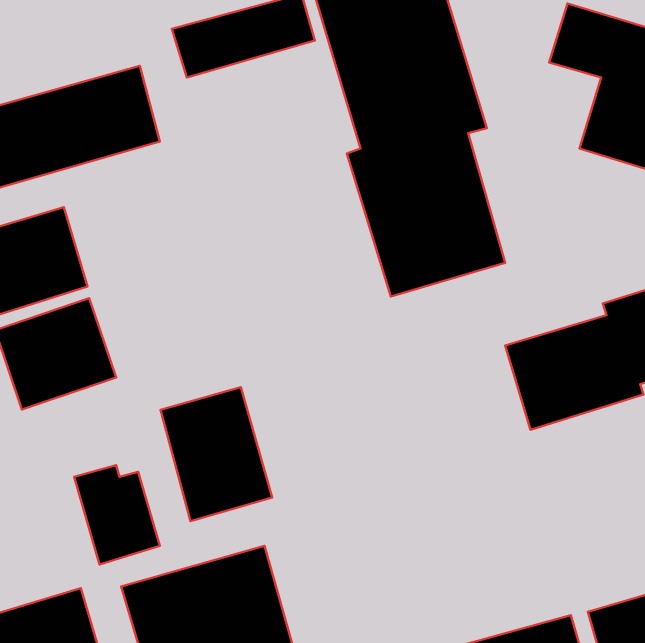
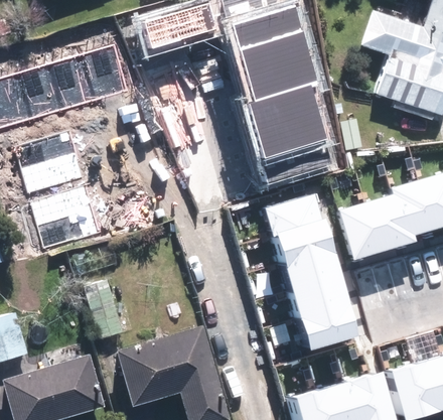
building: none -> [263,192,361,346]
building: [161,387,272,521] -> none

